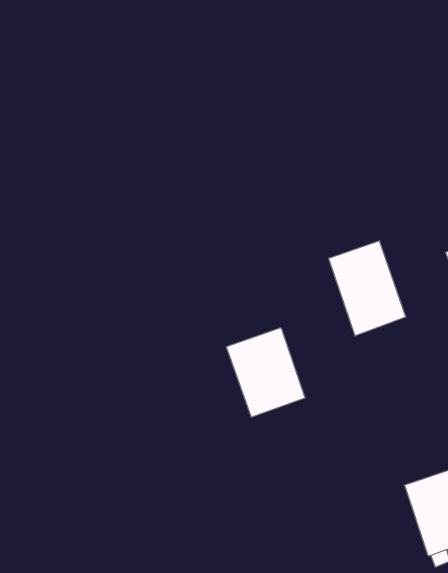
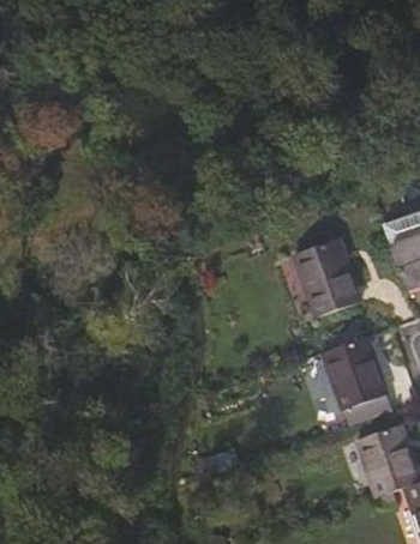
building: [226,328,305,417] -> [320,337,385,410]

